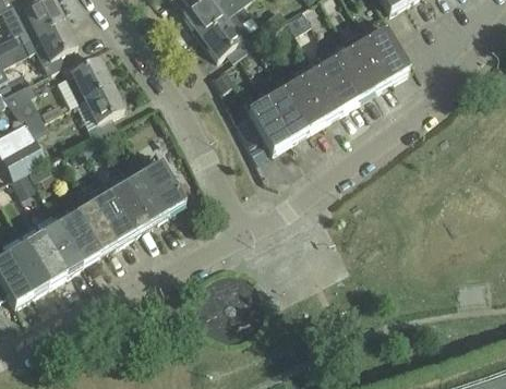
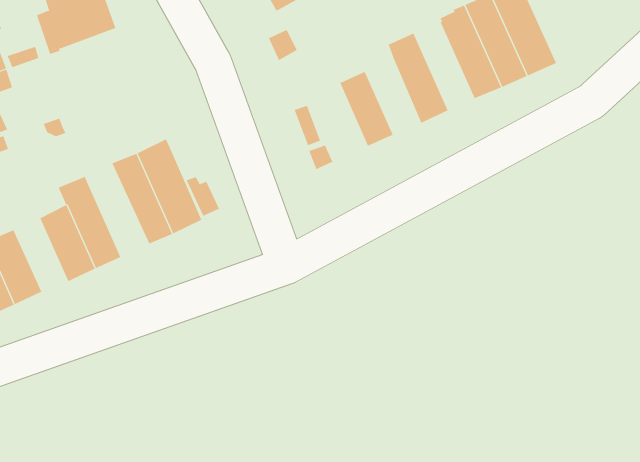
building: [309,50,354,109] -> none
building: [279,78,321,130] -> none
building: [73,81,122,135] -> none
building: [245,99,287,150] -> none
building: [100,171,148,233] -> none
building: [57,214,97,263] -> none

